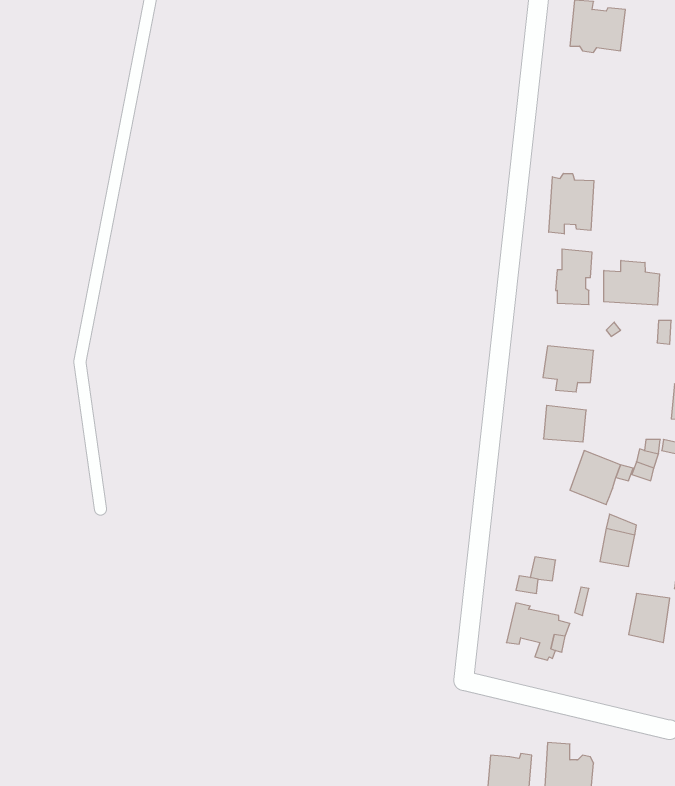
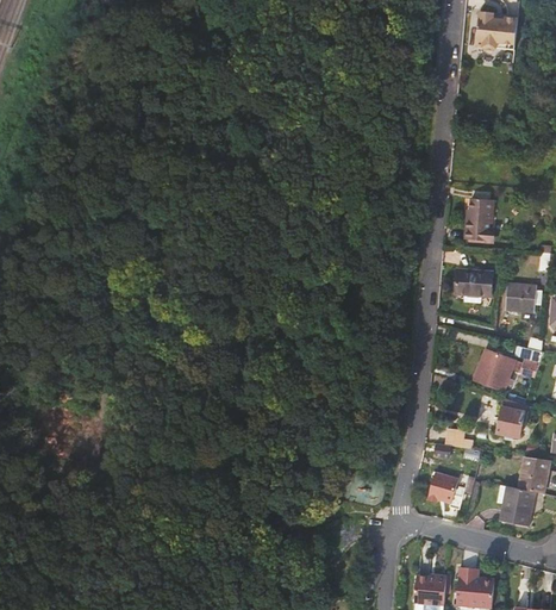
building: [549,173,594,234] -> none
building: [604,260,660,305] -> none
building: [543,405,586,442] -> [505,285,537,312]
building: none -> [501,485,536,524]

